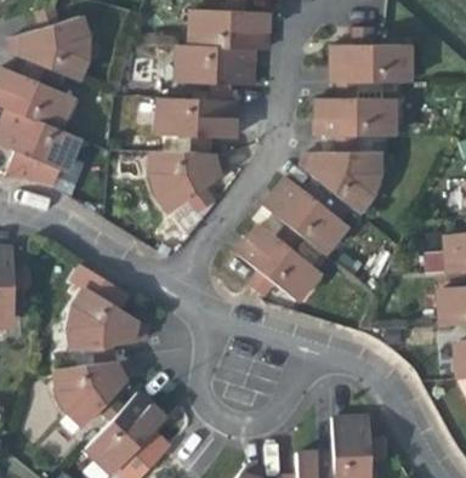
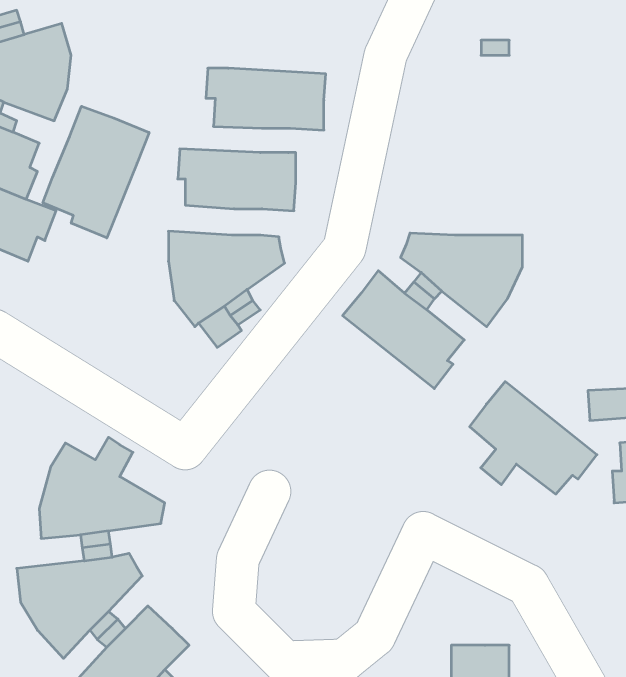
building: [189,8,266,49] -> none
building: [331,45,408,82] -> none
building: none -> [43,106,149,238]
building: [316,98,392,135] -> none
building: [227,217,309,290] -> [470,382,597,494]

